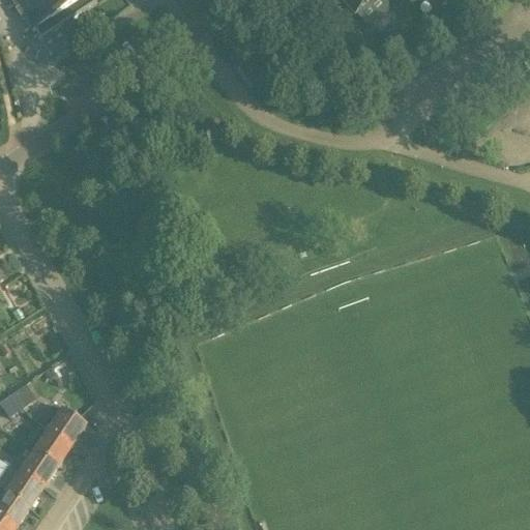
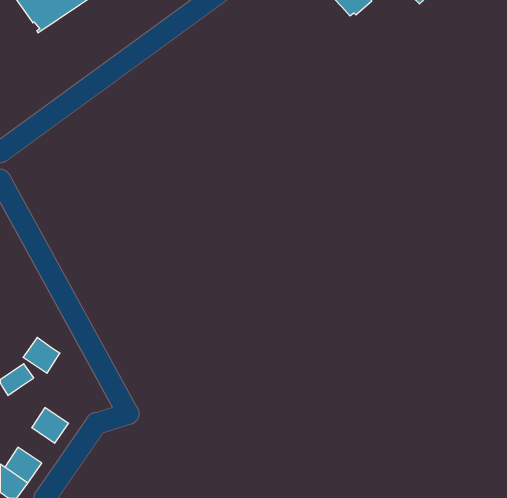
building: [48,404,86,441] -> [23,337,60,373]
building: [20,445,58,482] -> none

